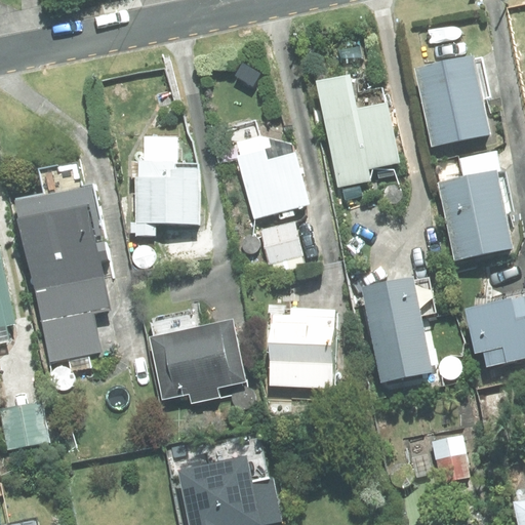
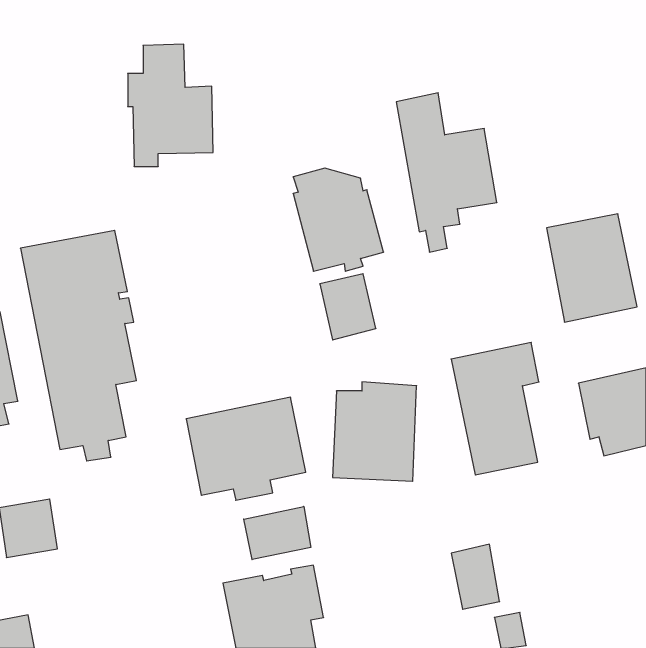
building: [416,57,490,147] -> none
building: [130,136,199,235] -> [128,44,213,166]
building: none -> [244,506,311,560]
building: [430,430,469,482] -> [451,544,500,609]

